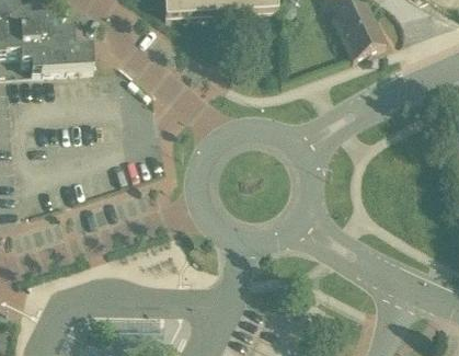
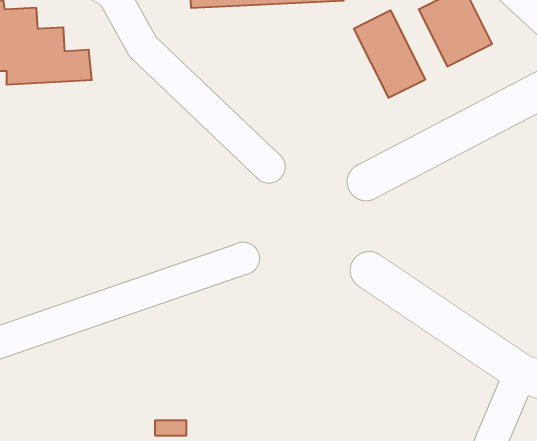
building: none -> [354,10,425,98]

